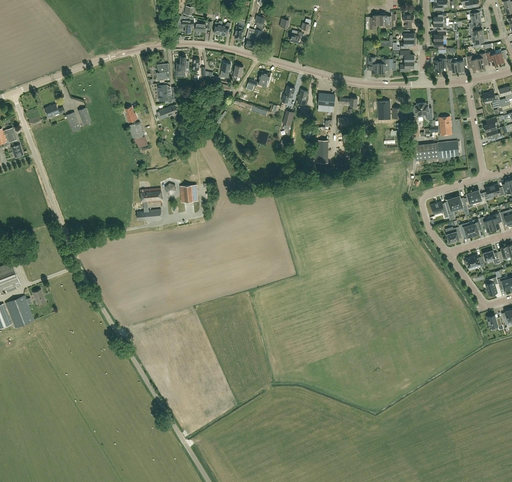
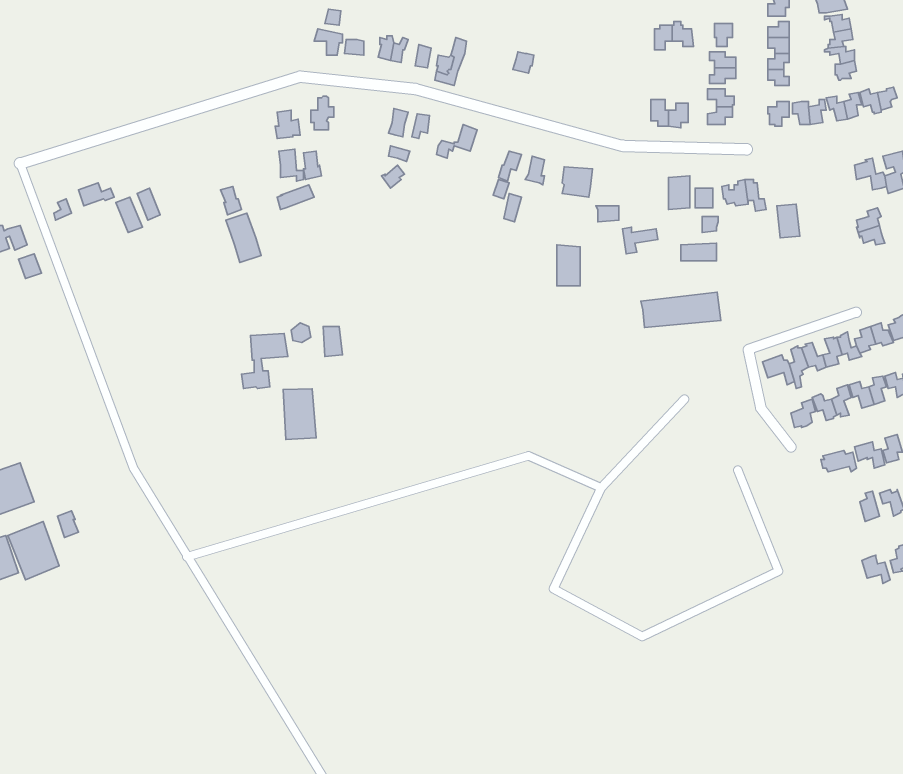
building: [414,140,459,160] -> [641,292,721,328]
building: none -> [283,389,316,439]

